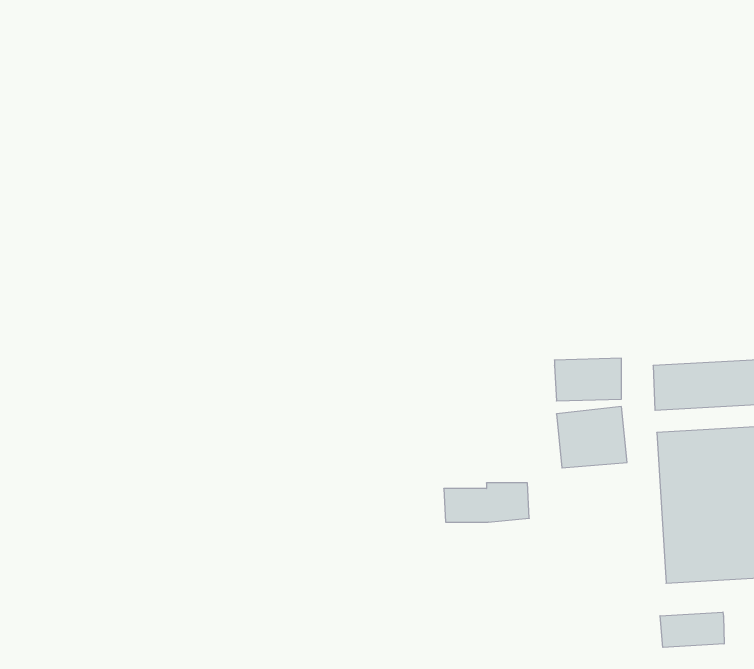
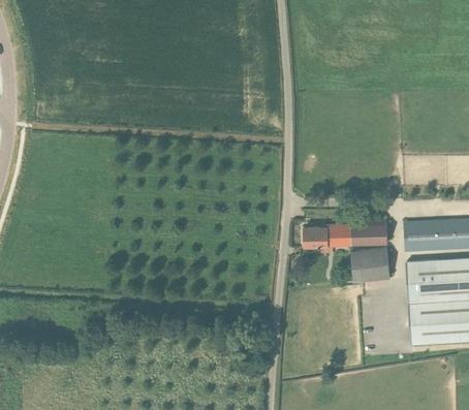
building: [444,483,529,522] -> [303,224,350,246]
building: [660,612,724,647] -> none

